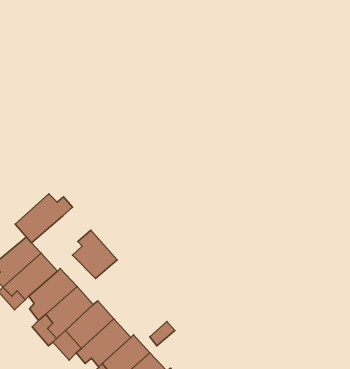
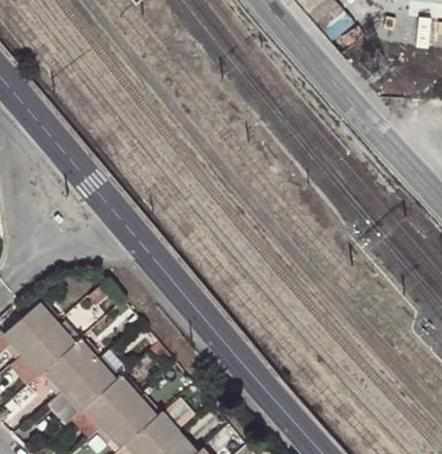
building: [15,194,73,243] -> none
building: [73,230,117,279] -> none

